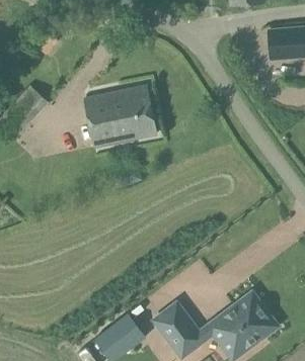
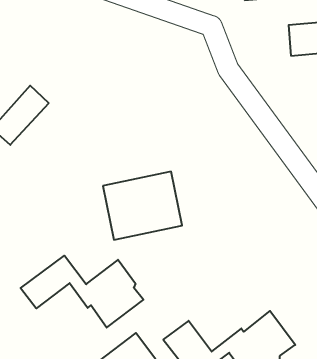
building: [83,85,156,148] -> [103,172,182,240]
building: none -> [21,256,143,328]

